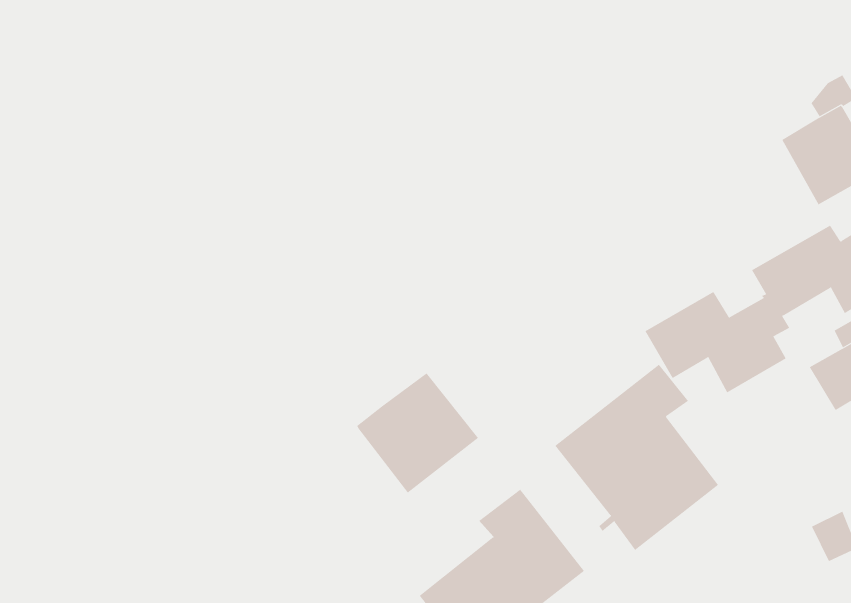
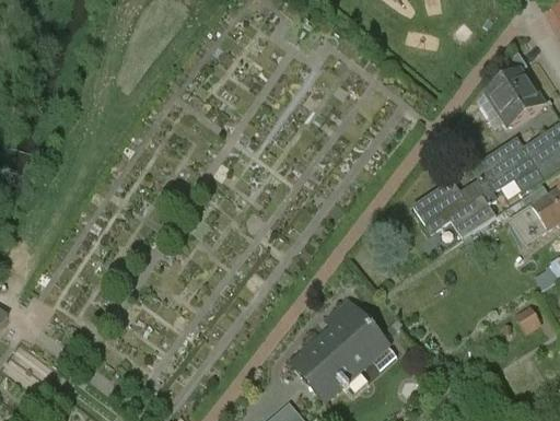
building: [555,364,719,551] -> none
building: [357,372,479,494] -> none

